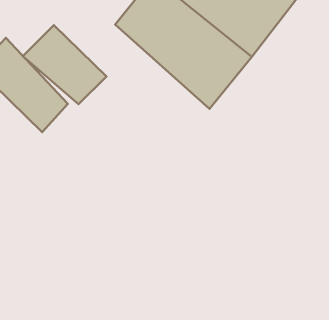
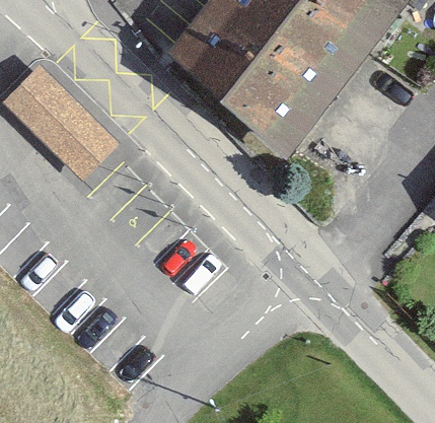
building: [23,25,107,104] -> none

